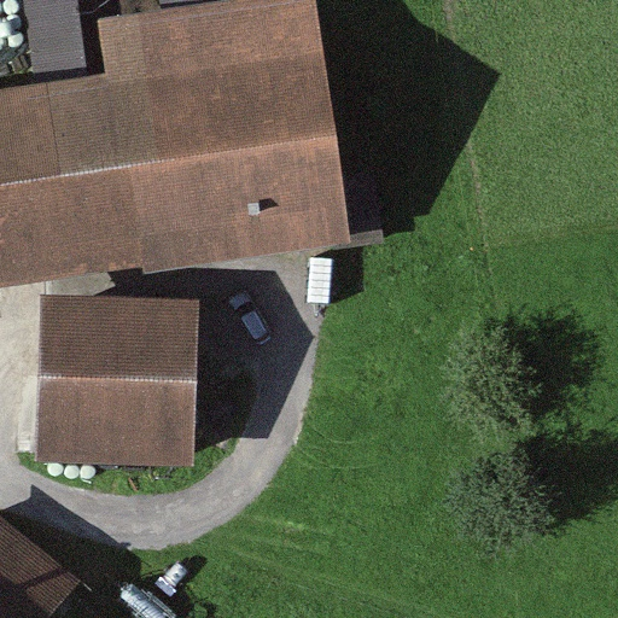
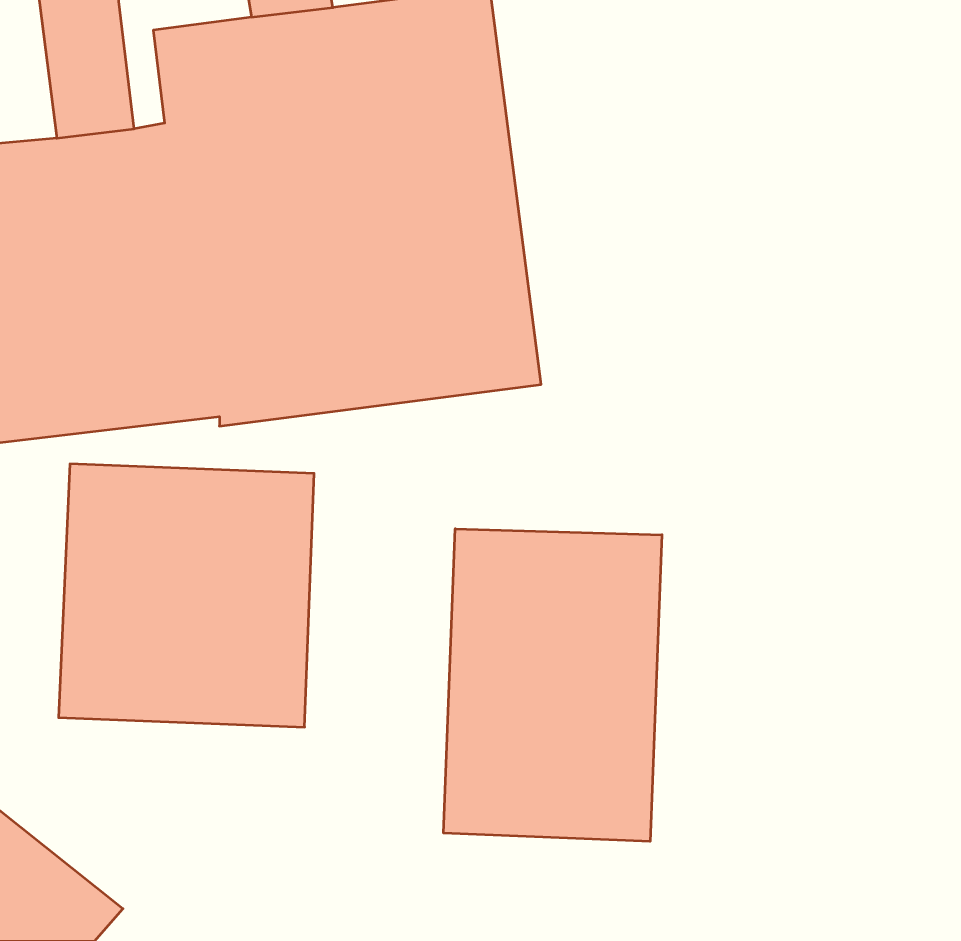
building: none -> [444,529,662,841]

